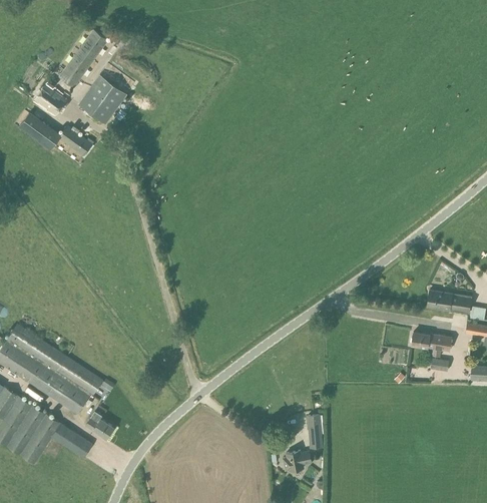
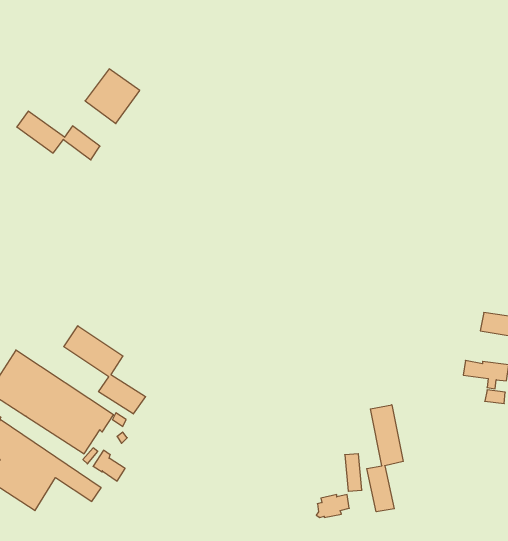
building: [58,29,108,88] -> none
building: [34,81,67,115] -> none
building: none -> [64,326,146,414]
building: none -> [367,405,403,512]

